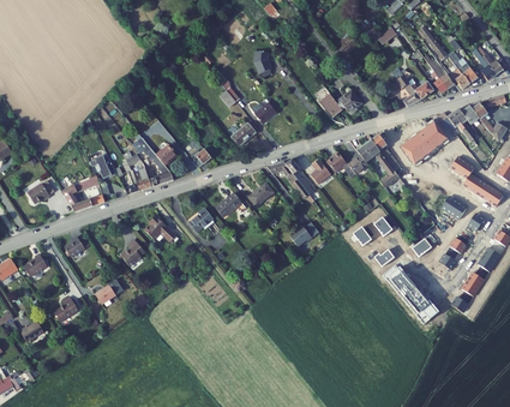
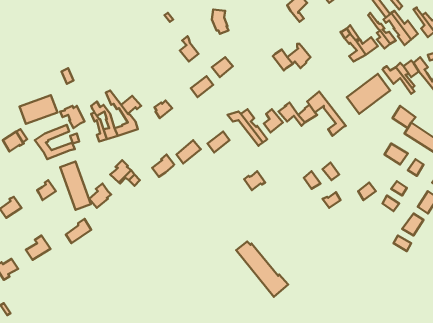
building: none -> [19,95,57,124]
building: none -> [60,161,91,210]
building: [383,264,439,324] -> [236,241,288,297]

